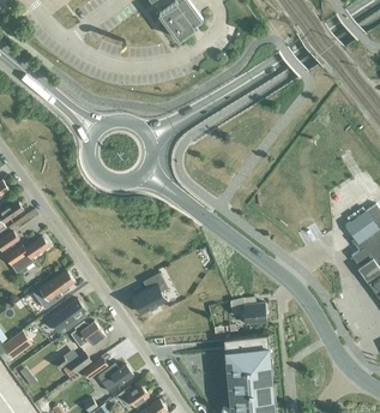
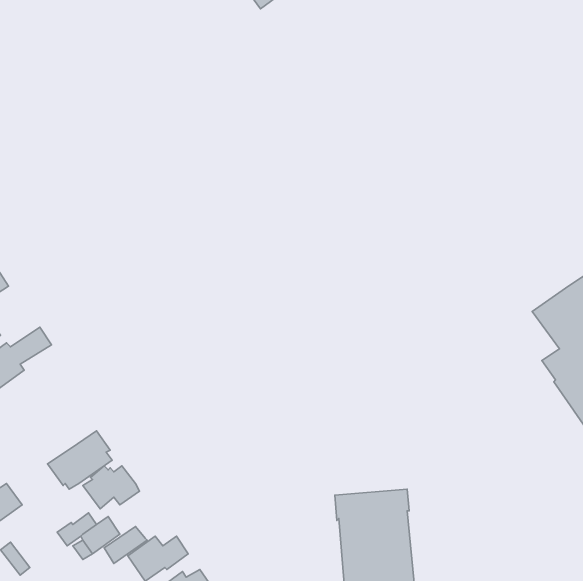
building: [32,271,74,309] -> none
building: [132,273,165,312] -> none
building: [229,298,266,324] -> none

